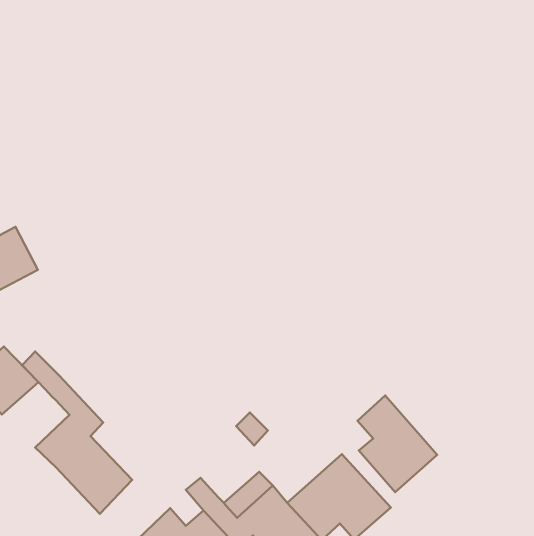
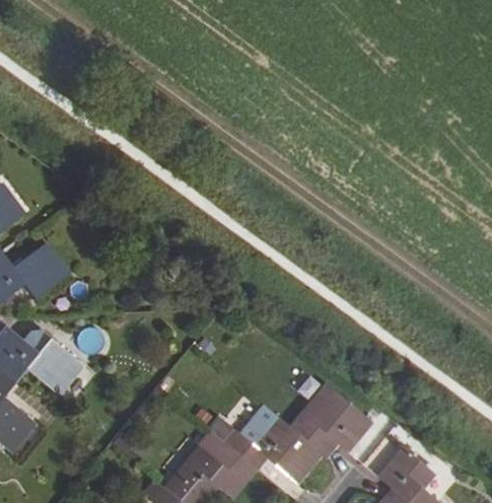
building: [22,351,132,514] -> none
building: [358,395,437,492] -> none

